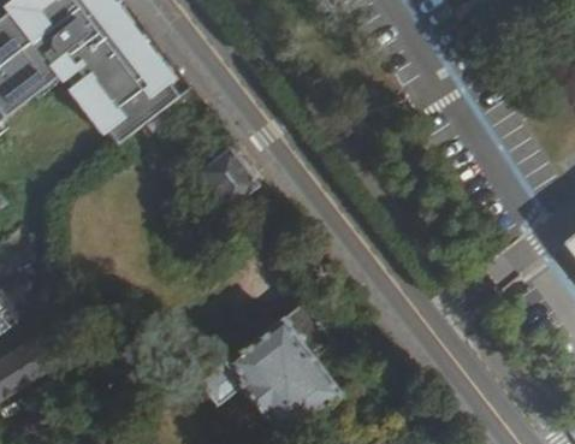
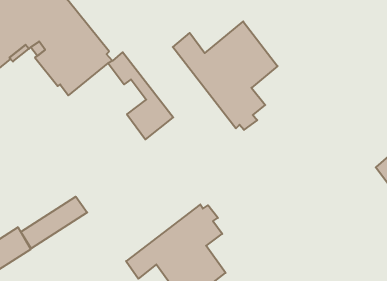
building: none -> [173,21,278,130]
building: none -> [21,197,87,248]

